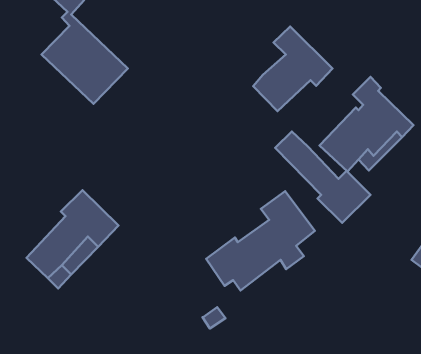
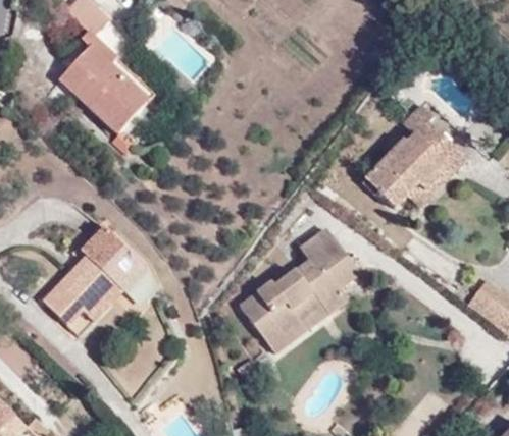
building: [253,26,333,111] -> none
building: [275,132,370,223] -> none
building: none -> [259,304,326,352]

